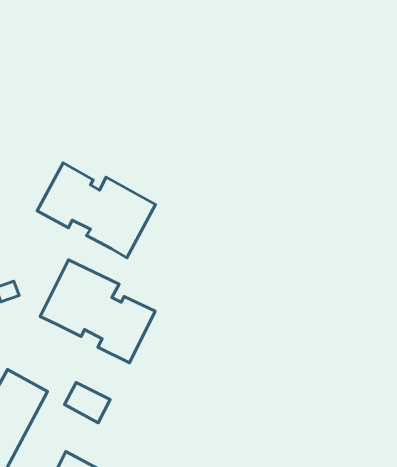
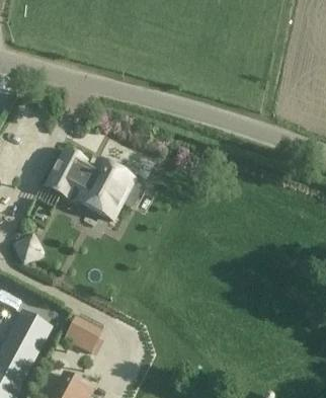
building: [40,260,155,363] -> none

